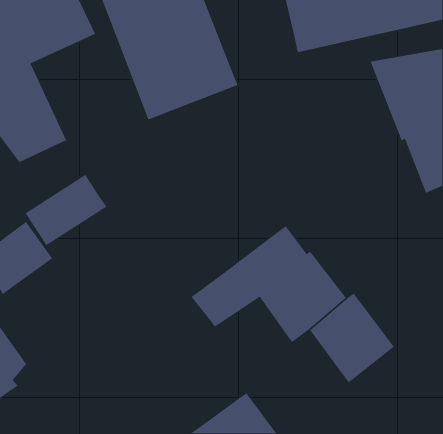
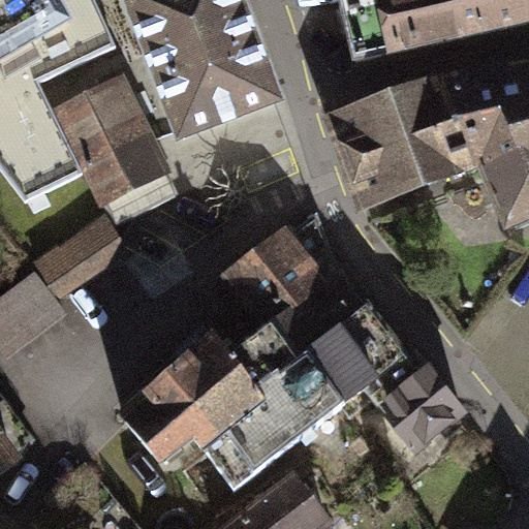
building: none -> [51,66,175,215]
building: none -> [320,72,474,211]
building: none -> [222,203,338,324]
building: none -> [116,334,345,492]

